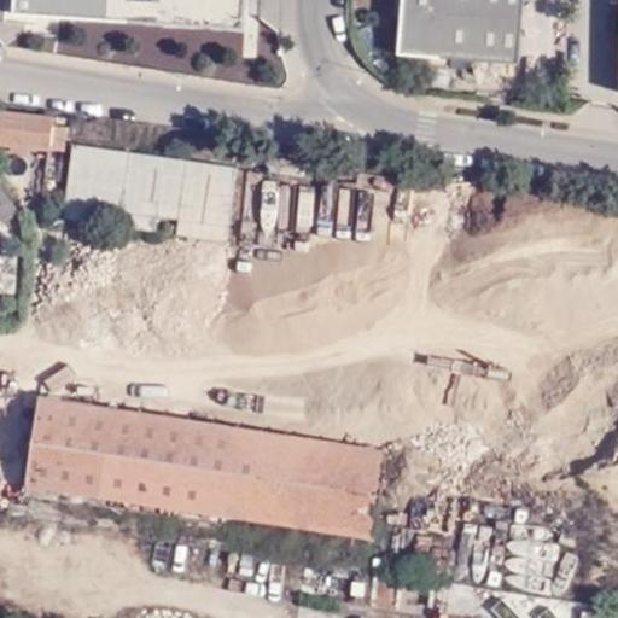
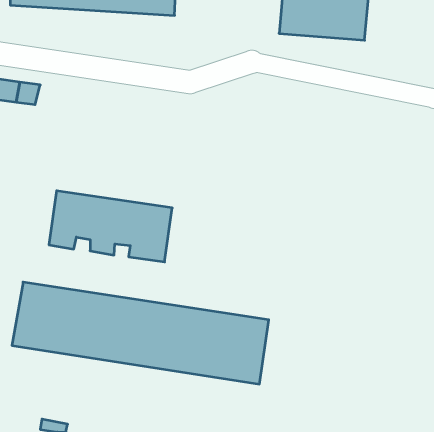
building: [63,140,237,240] -> [49,191,172,262]

